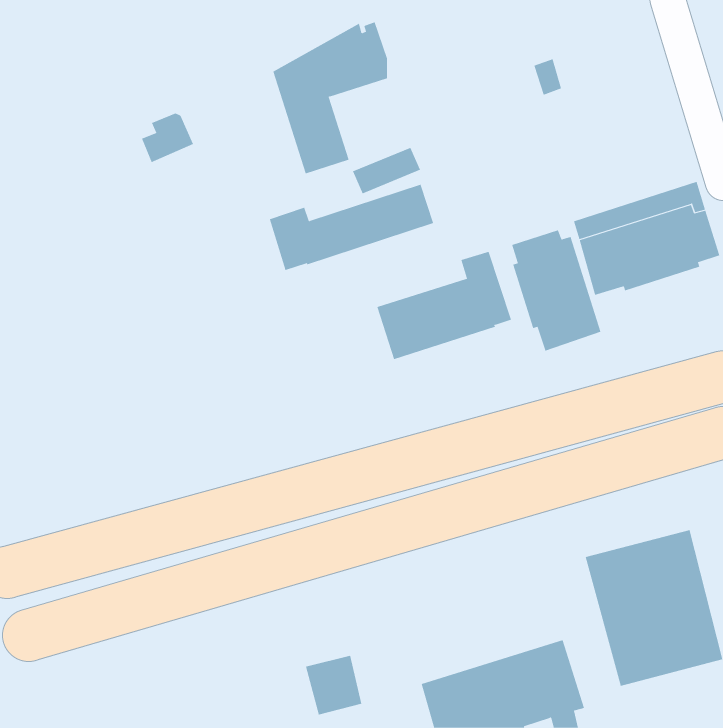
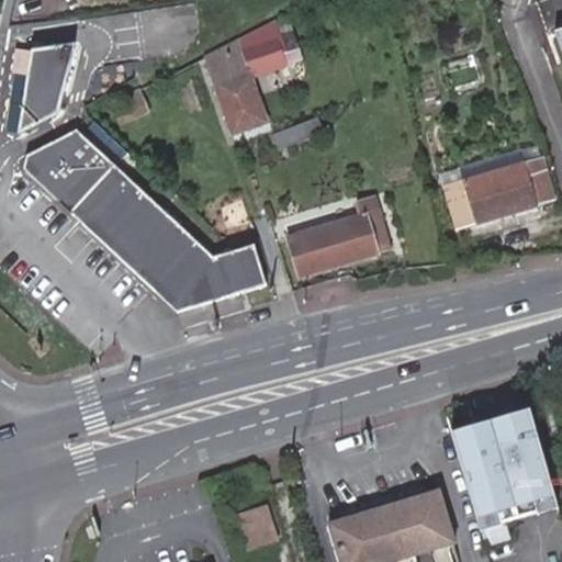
building: none -> [20,45,74,134]
building: none -> [24,130,266,311]
building: [269,184,434,271] -> none
building: [512,230,601,352] -> none

